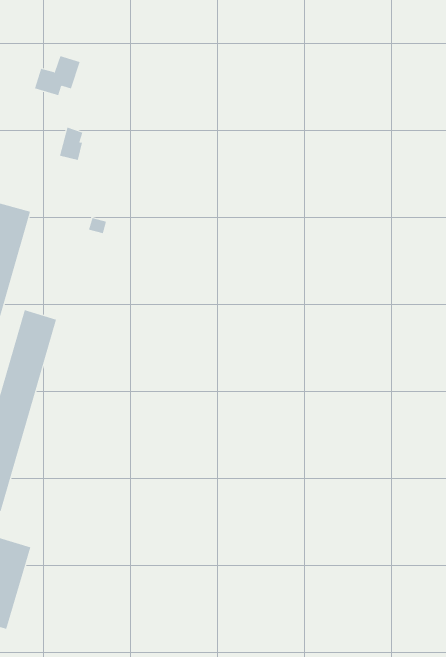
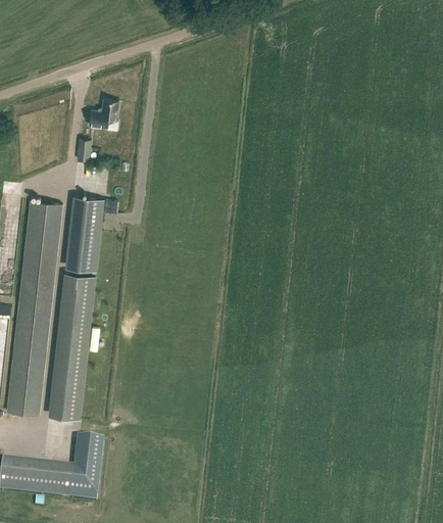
building: [34,56,80,96] -> [88,96,117,125]
building: none -> [69,194,102,269]

